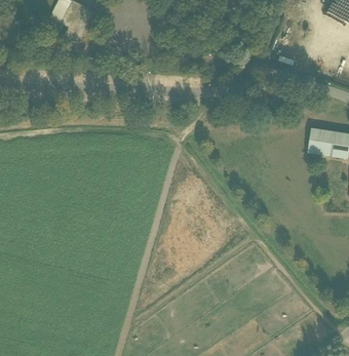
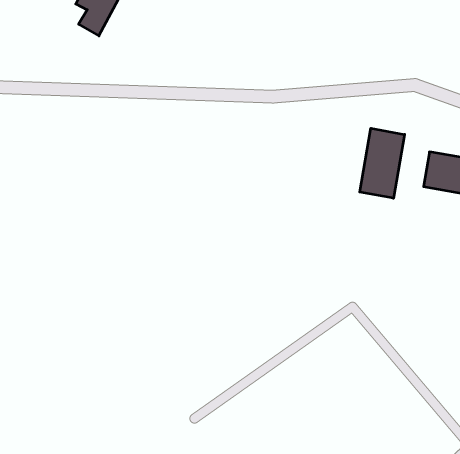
building: none -> [360,128,405,198]

